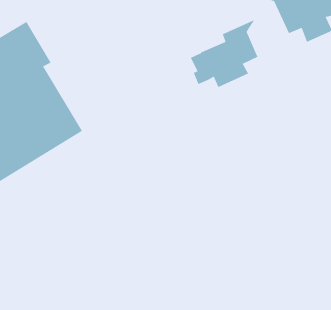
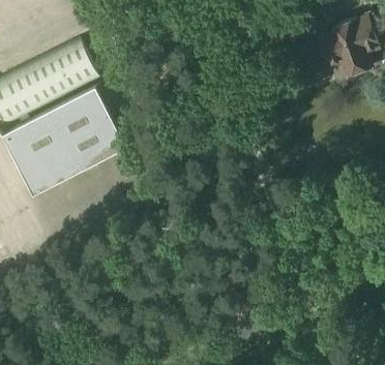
building: [190,19,258,88] -> none

